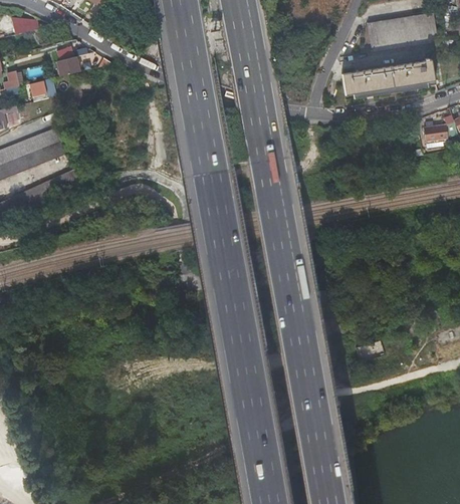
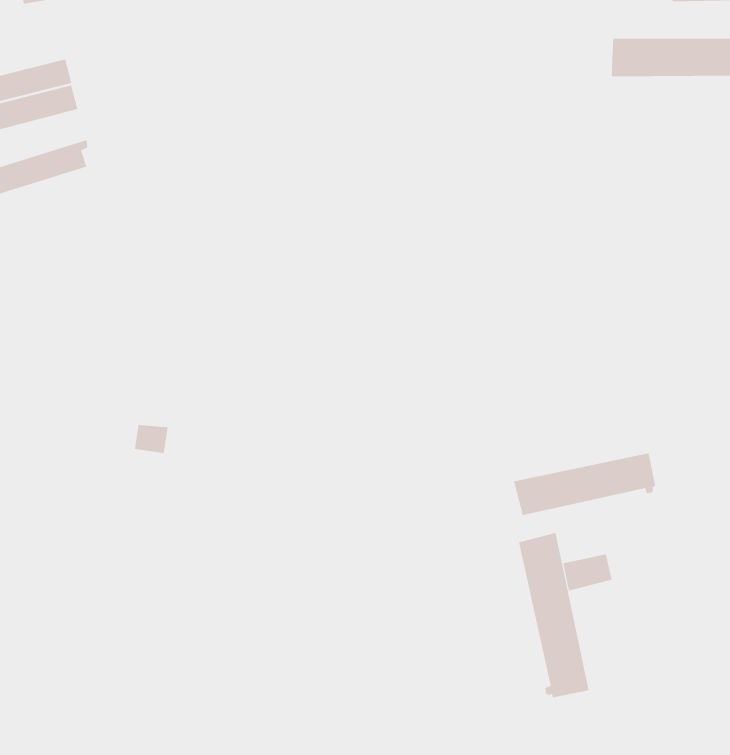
building: none -> [514,452,656,516]
building: none -> [518,532,589,698]

